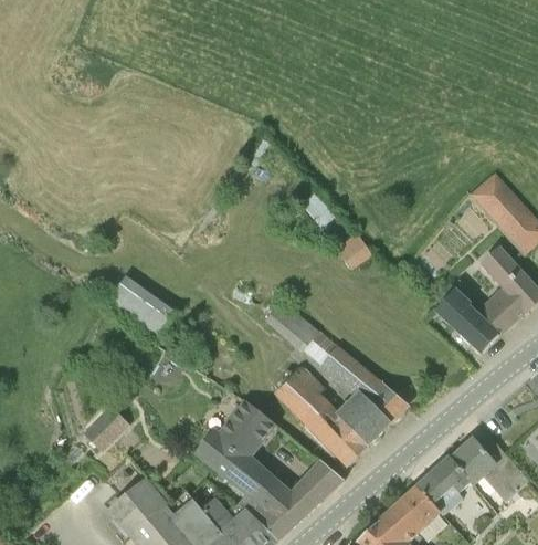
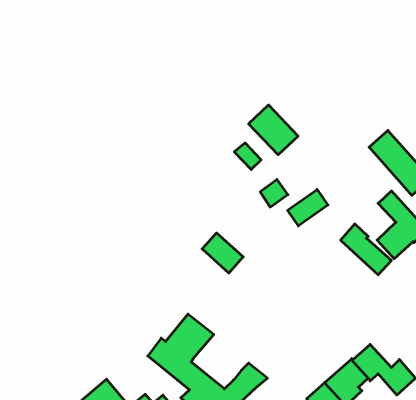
building: none -> [249,105,298,155]
building: none -> [288,189,328,226]
building: [109,268,178,326] -> none
building: [276,332,407,464] -> none
building: [94,406,135,447] -> none

